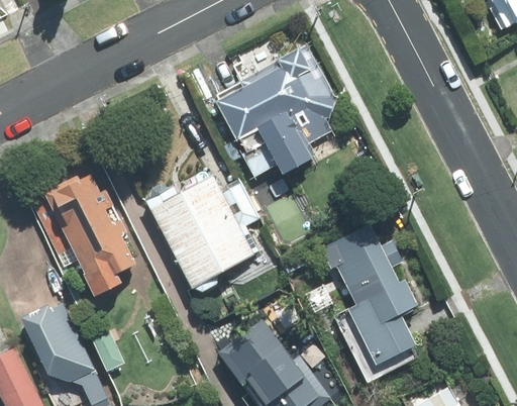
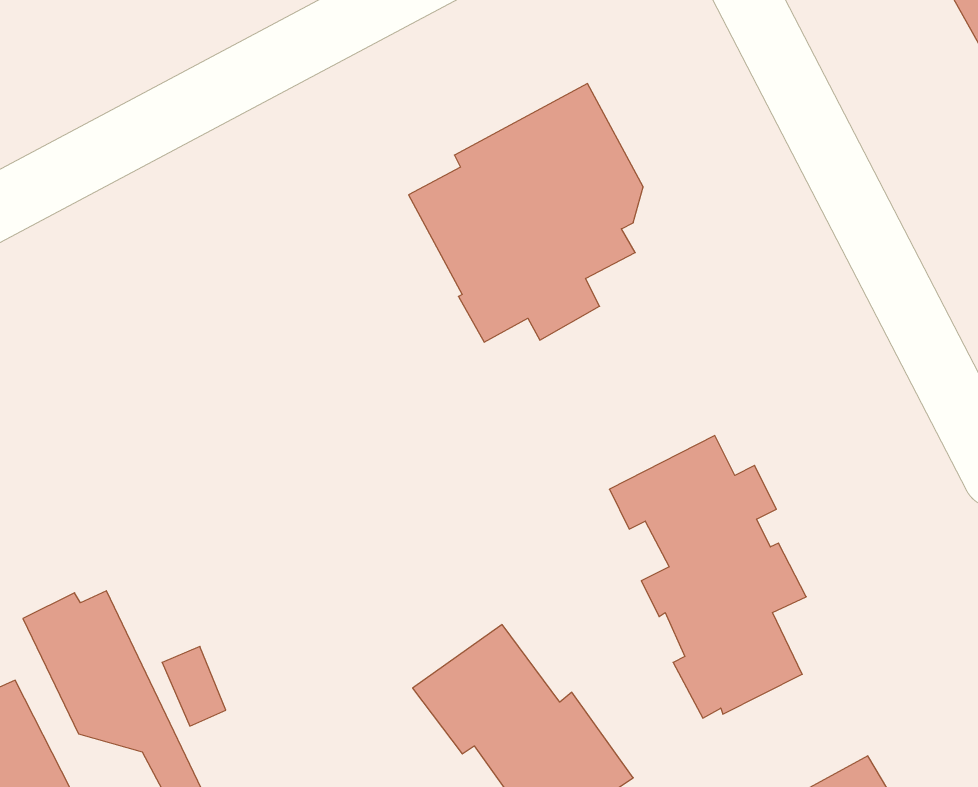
building: [35,175,136,298] -> none
building: [144,176,261,288] -> none

